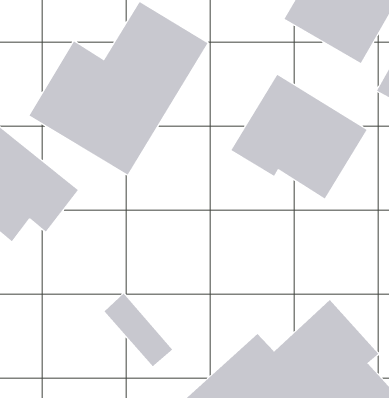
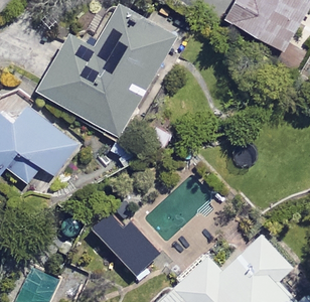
building: [230,74,368,199] -> none

